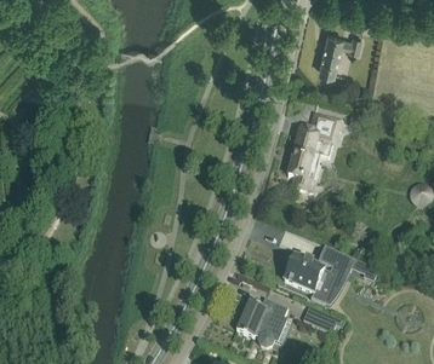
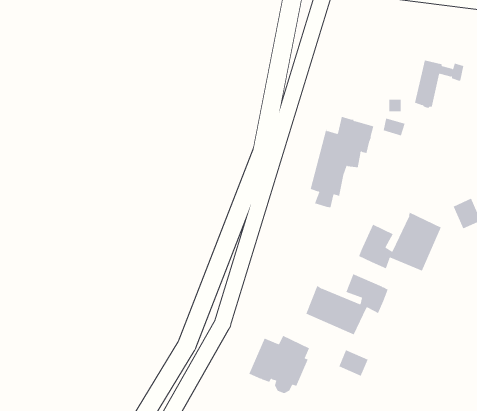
building: [318,34,360,75] -> [414,60,464,109]
building: none -> [359,212,442,272]

